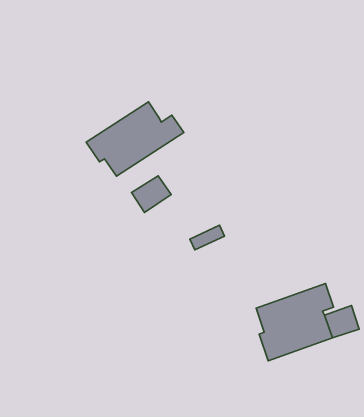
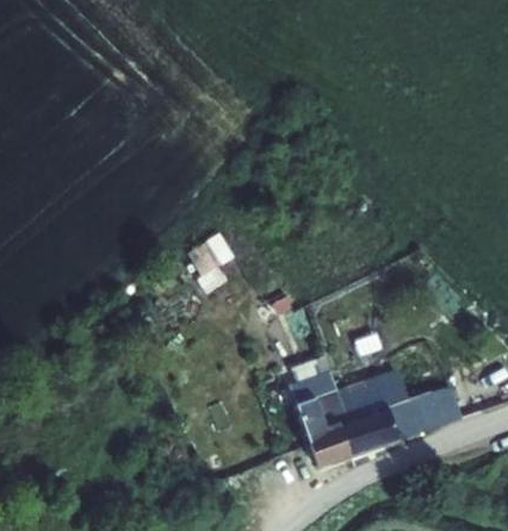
building: [86,102,184,176] -> none
building: none -> [290,364,351,468]

